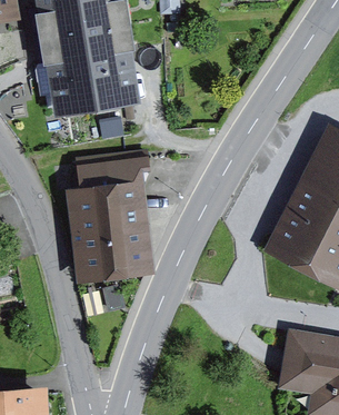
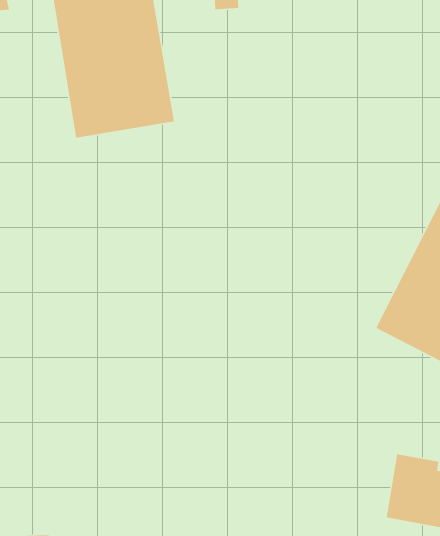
building: [66,156,146,273] -> none

